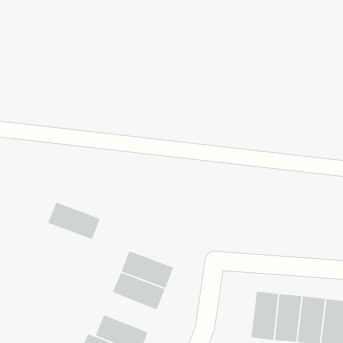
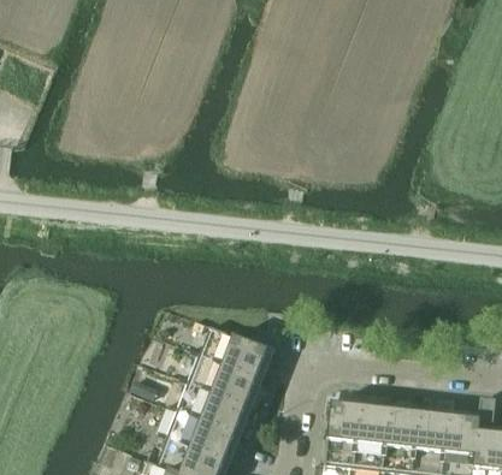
building: [47,202,101,240] -> [201,326,270,375]
building: none -> [327,402,364,465]
building: none -> [169,408,237,458]

